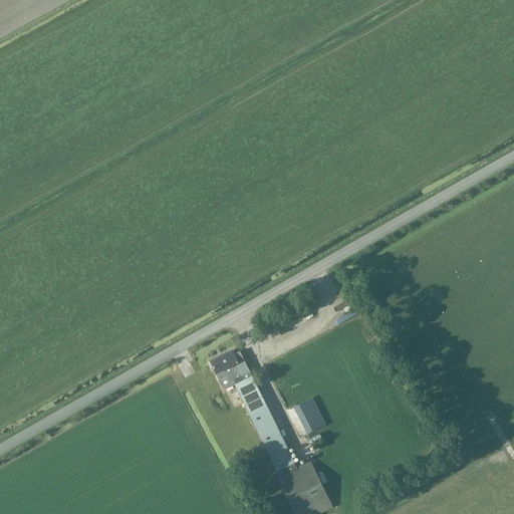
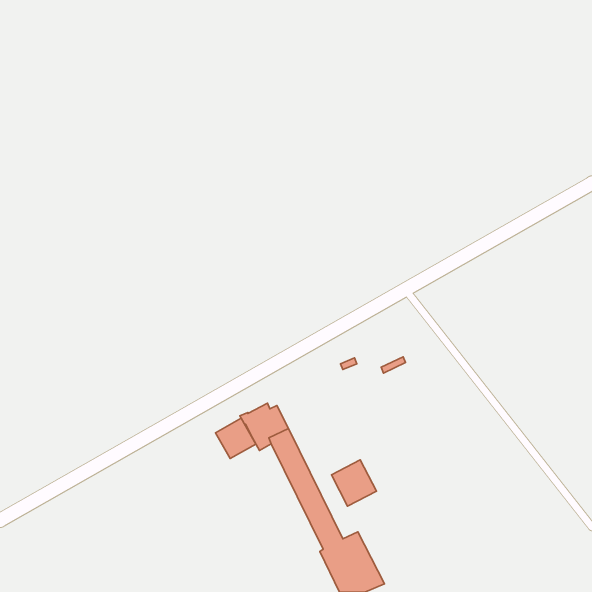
building: none -> [215,418,256,459]

